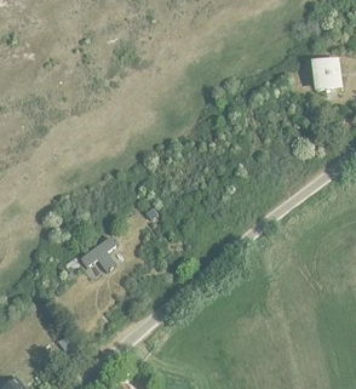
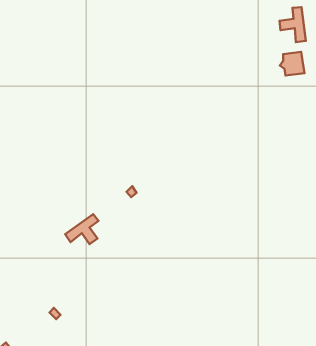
building: none -> [279,7,306,42]

